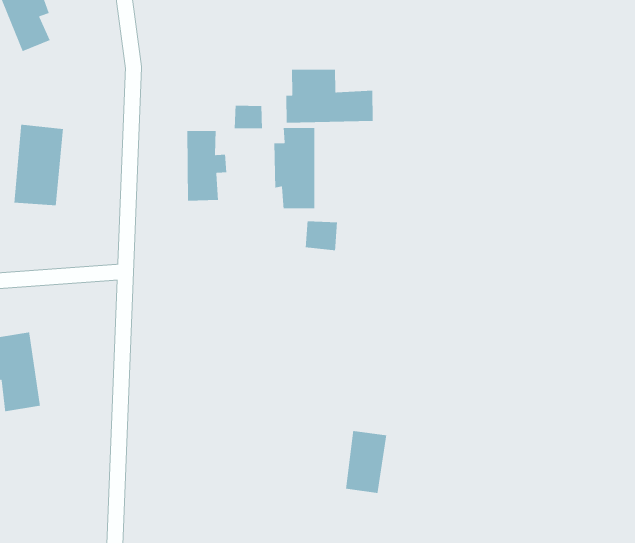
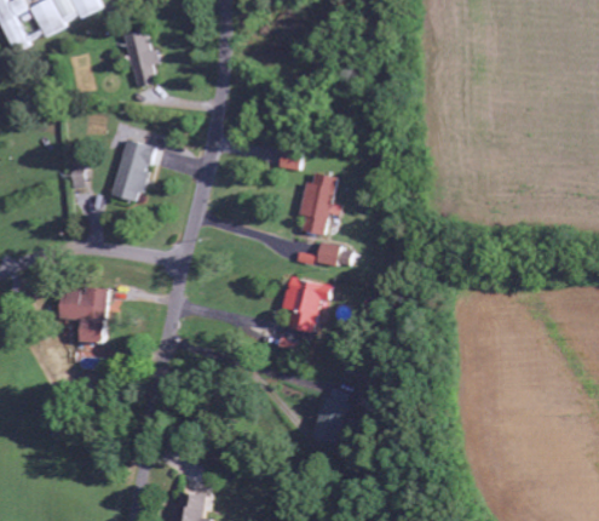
building: [286,69,373,124] -> none
building: [186,130,227,201] -> none
building: none -> [282,275,333,332]

